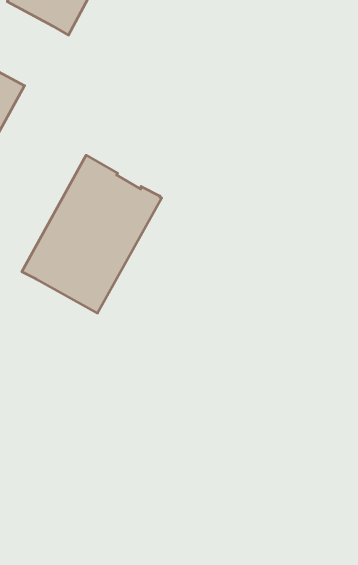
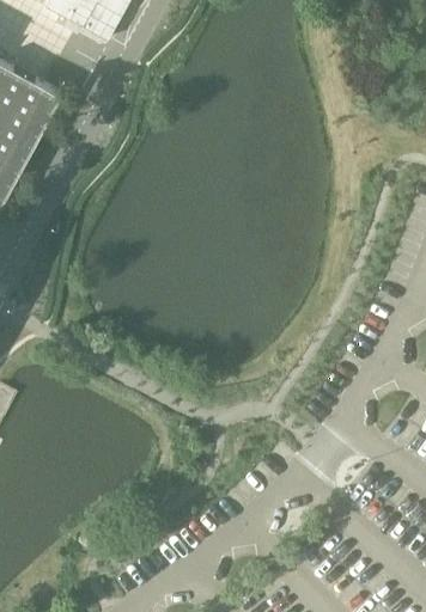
building: [22,155,162,313] -> none

